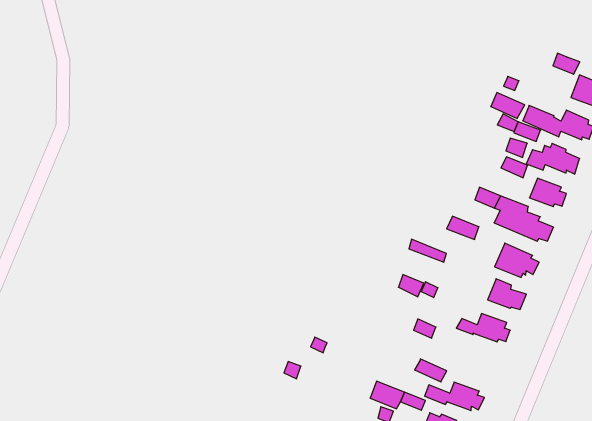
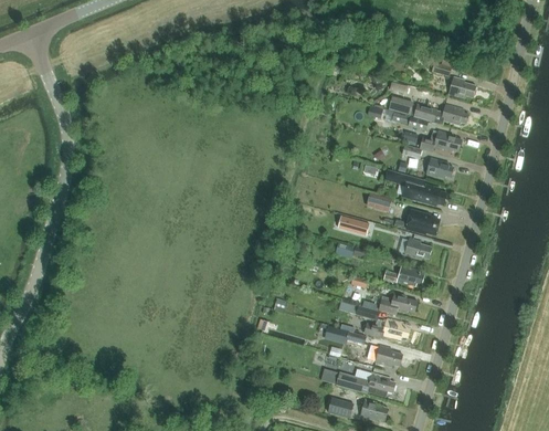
building: none -> [378,292,416,315]

